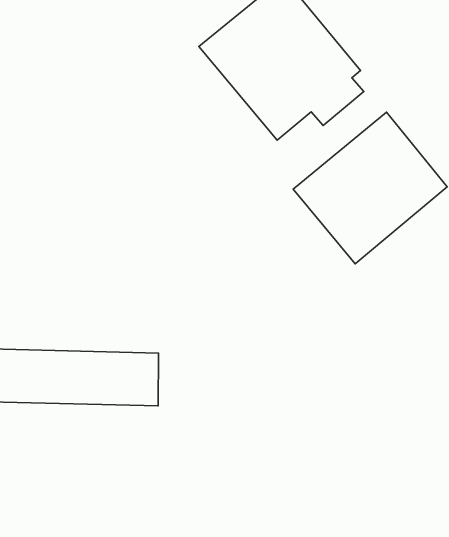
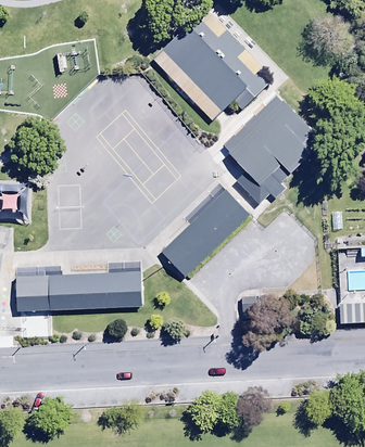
building: none -> [158,187,250,278]

